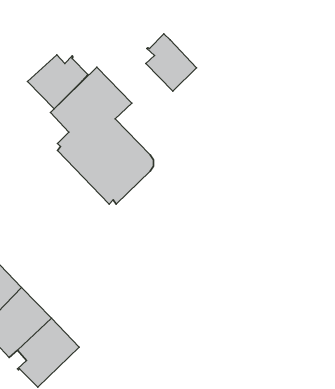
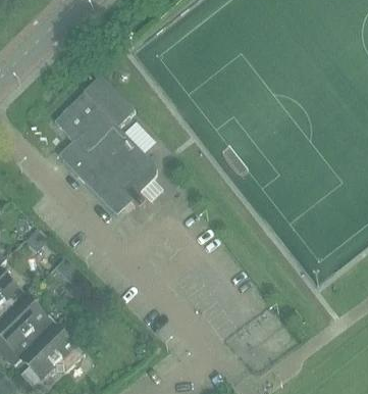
building: [146,34,196,91] -> none
building: [27,55,88,109] -> none

